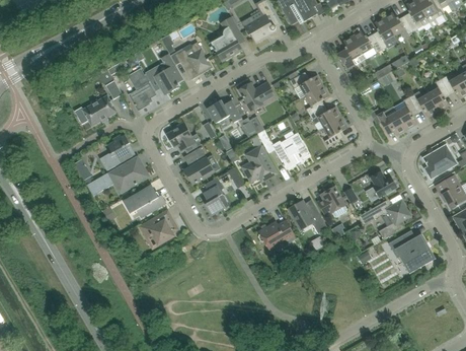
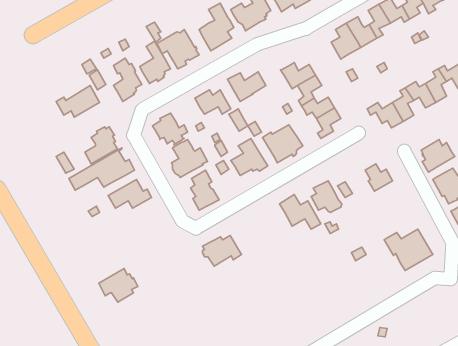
building: [358,199,411,239] -> none
building: [140,212,177,244] -> [99,268,138,302]
building: [258,220,296,250] -> [203,236,242,266]

